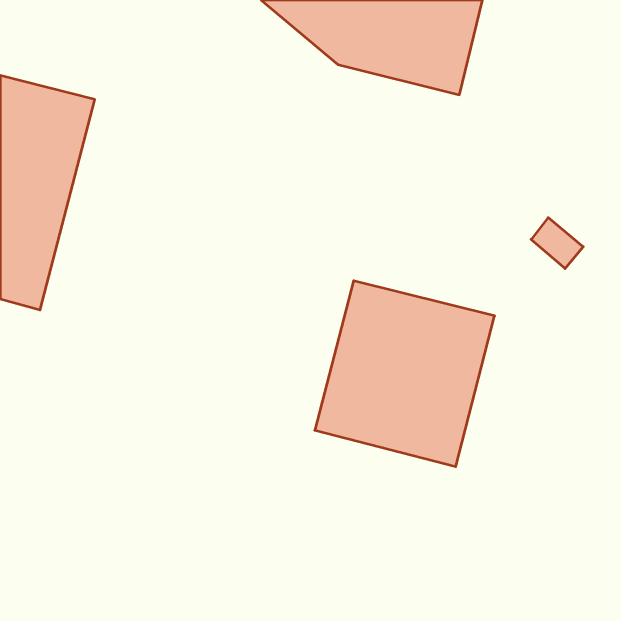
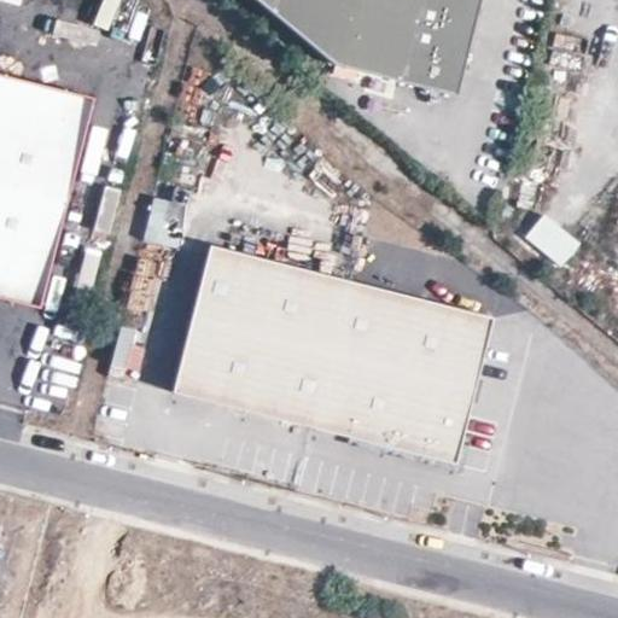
building: none -> [173,243,351,427]

